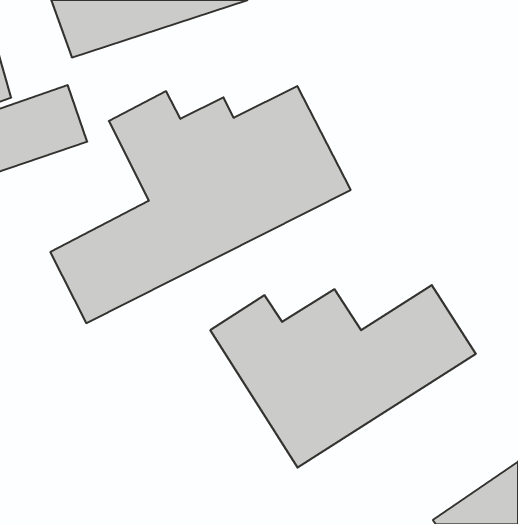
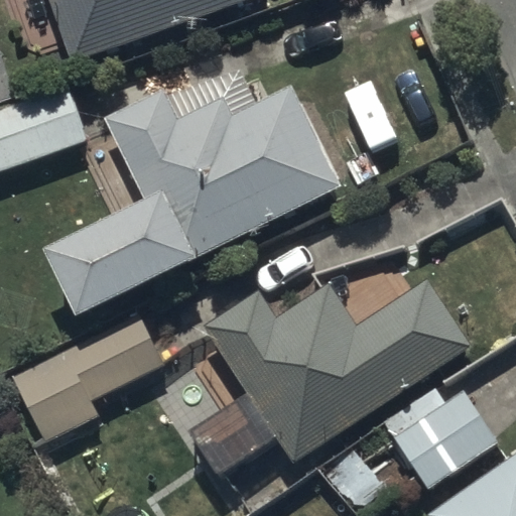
building: none -> [11,314,162,441]
building: none -> [381,389,494,489]

